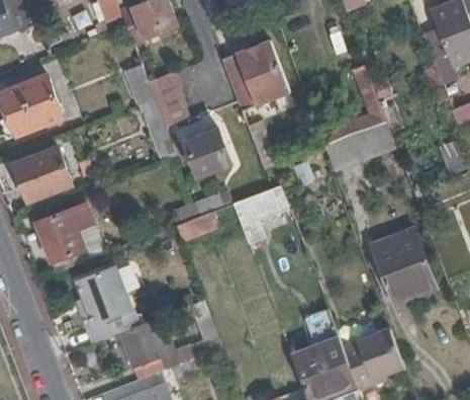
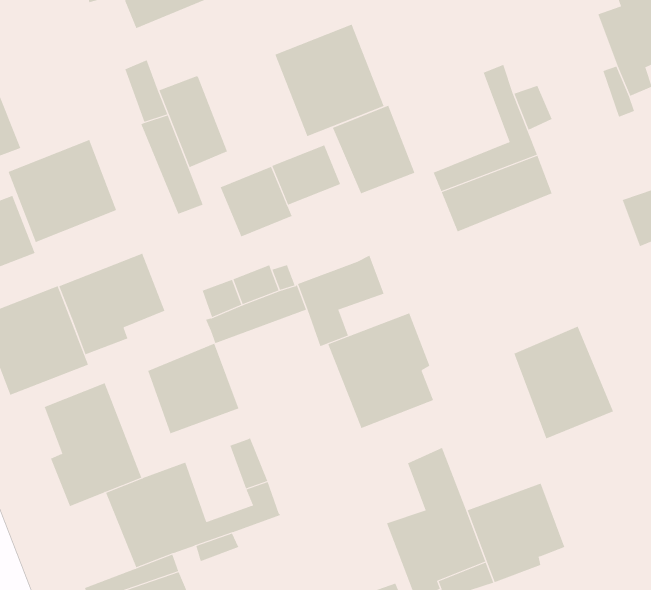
building: none -> [332,105,415,194]
building: none -> [8,139,117,243]
building: none -> [272,144,341,206]
building: none -> [59,253,165,355]
building: none -> [328,312,434,429]
building: none -> [147,343,239,434]

